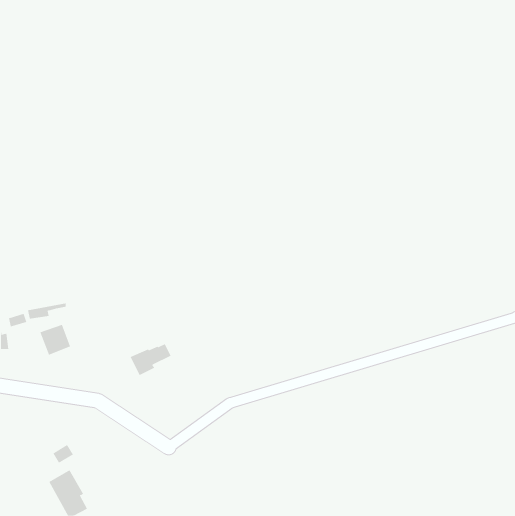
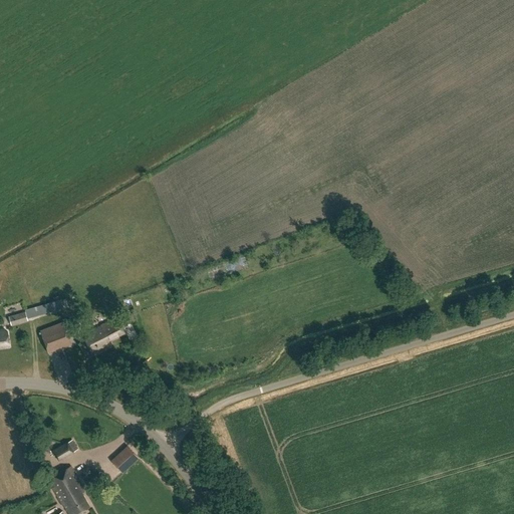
building: [130,344,171,376] -> [81,321,122,353]
building: none -> [111,445,139,473]

